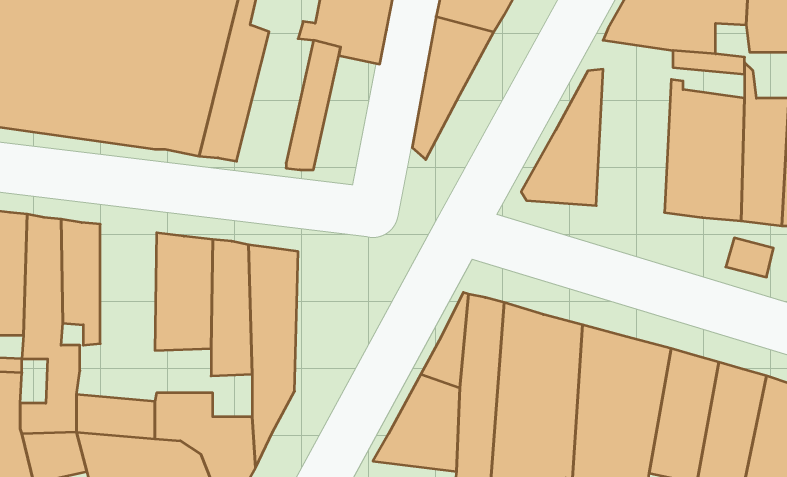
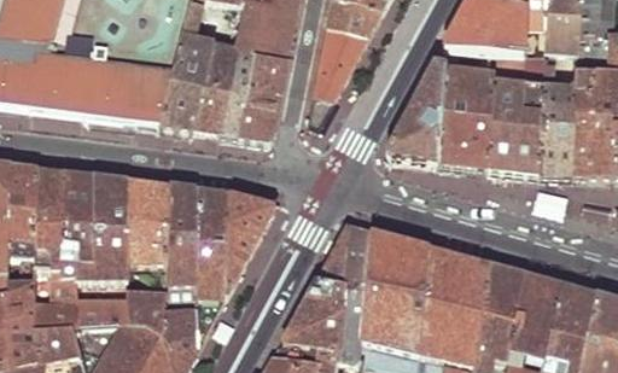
building: none -> [192,39,239,130]
building: none -> [239,54,286,139]
building: none -> [439,64,492,165]
building: none -> [74,174,128,278]
building: none -> [226,193,272,292]

